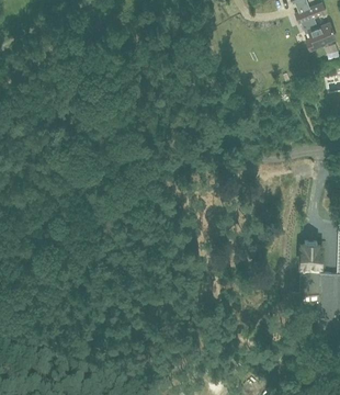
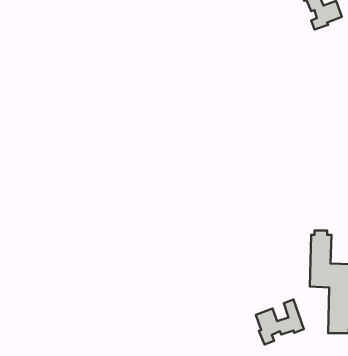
building: none -> [256,300,304,344]

